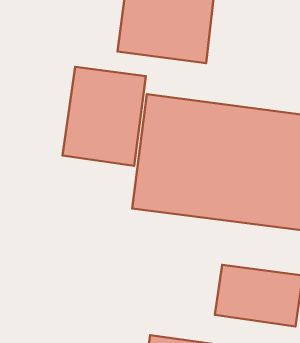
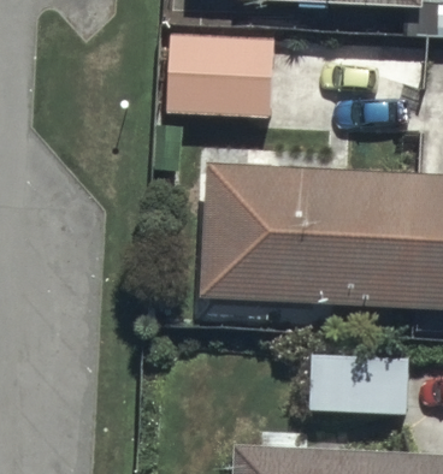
building: [63,67,146,166] -> none

